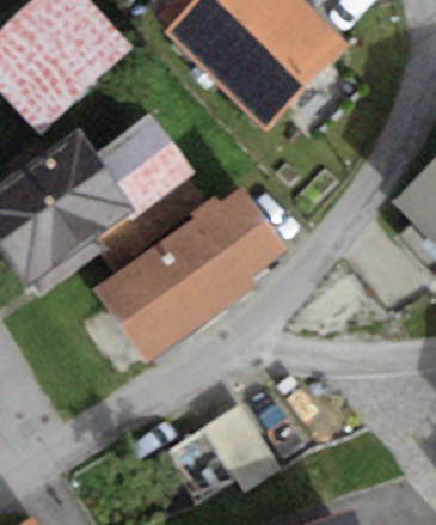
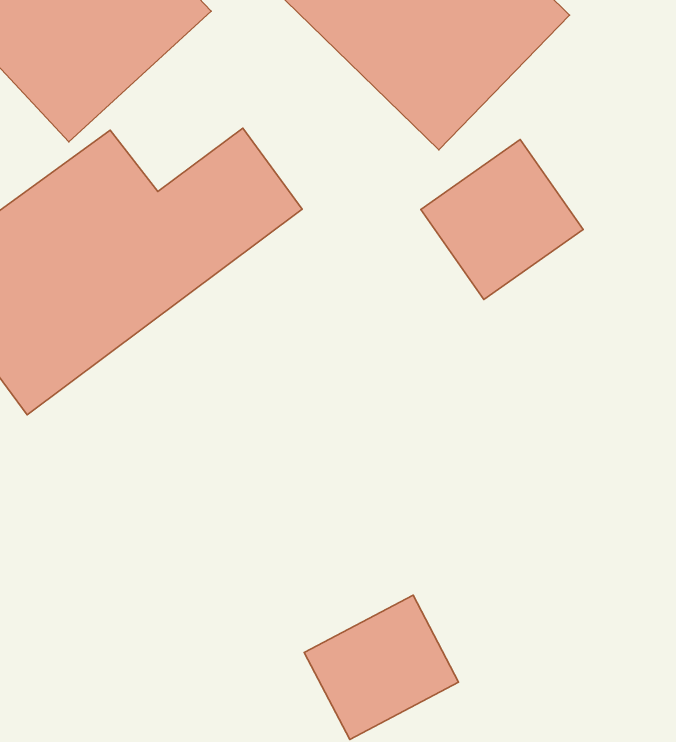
building: none -> [421,139,583,299]
building: [99,193,291,360] -> none

